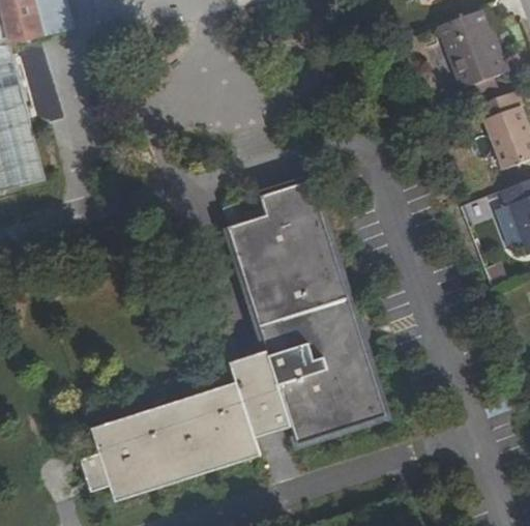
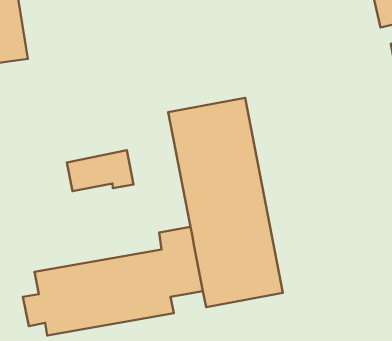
building: none -> [67,150,133,191]

